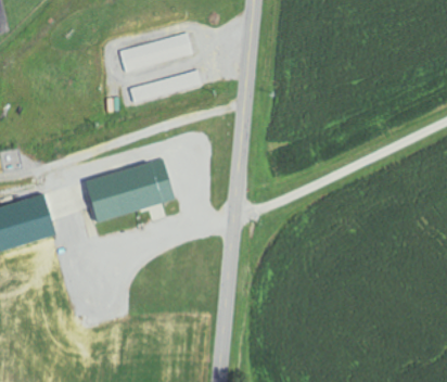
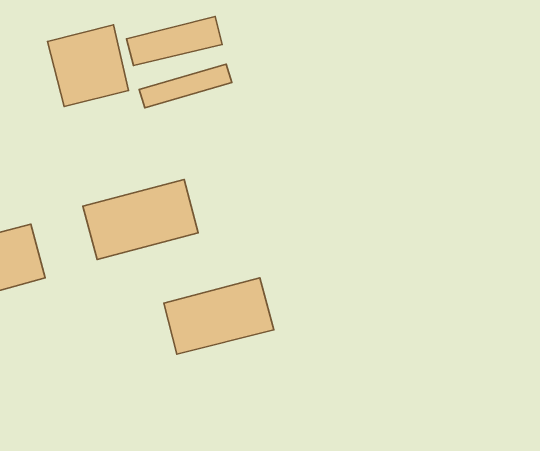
building: none -> [48,25,128,107]
building: none -> [164,278,274,354]

